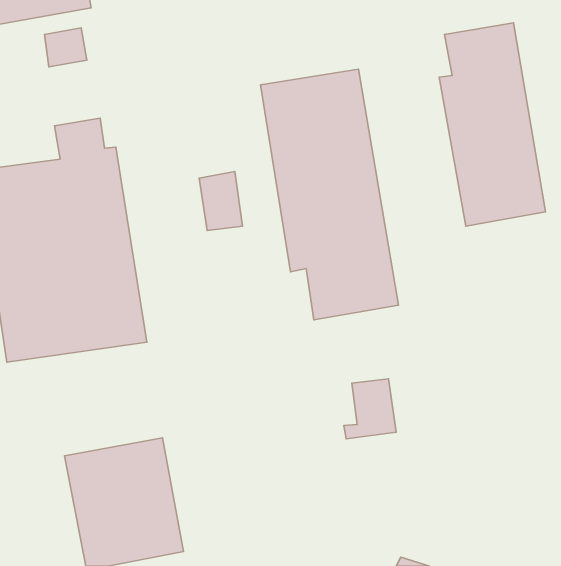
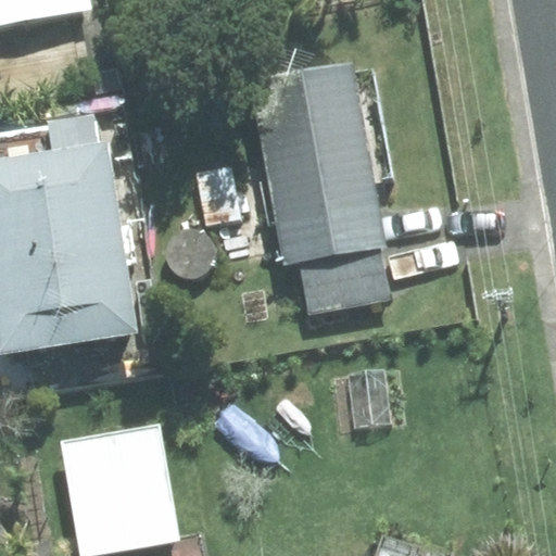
building: [439,23,546,226] -> none

